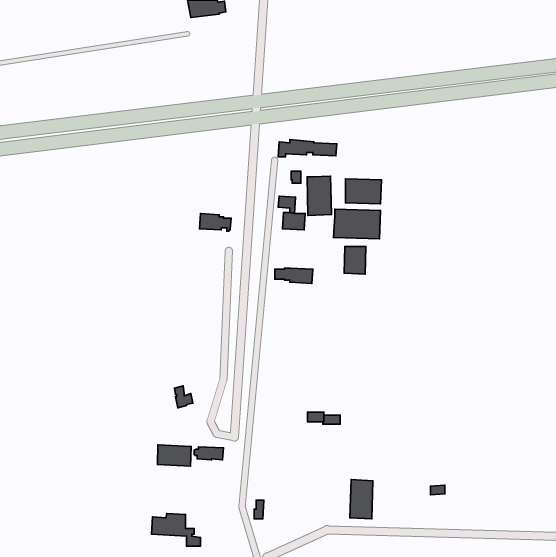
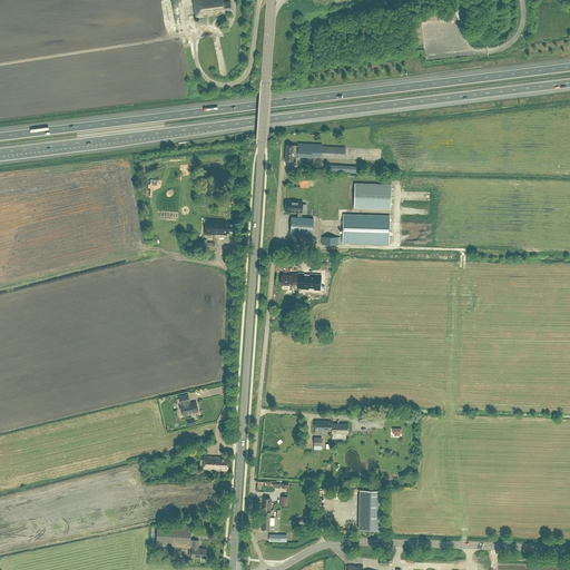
building: [307,176,331,215] -> none
building: [344,246,366,274] -> none
building: [157,445,191,466] -> none

